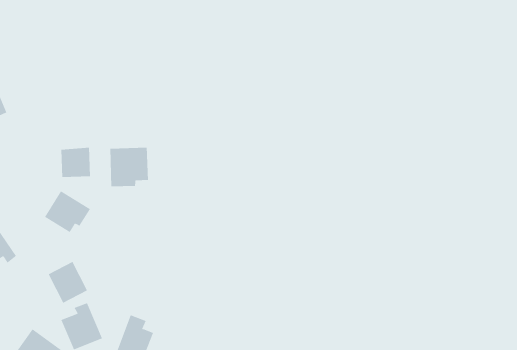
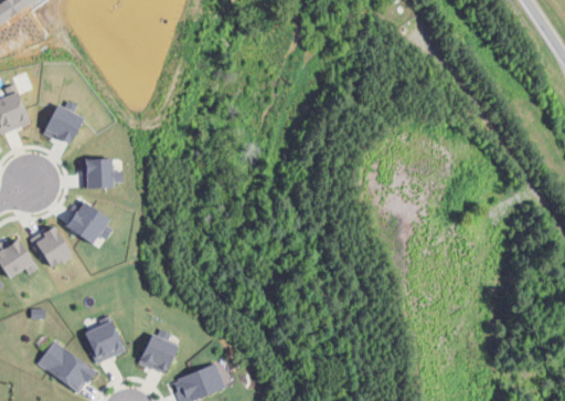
building: none -> [41,102,83,148]
building: [110,147,148,187] -> none
building: [48,261,88,304] -> [31,225,72,268]

